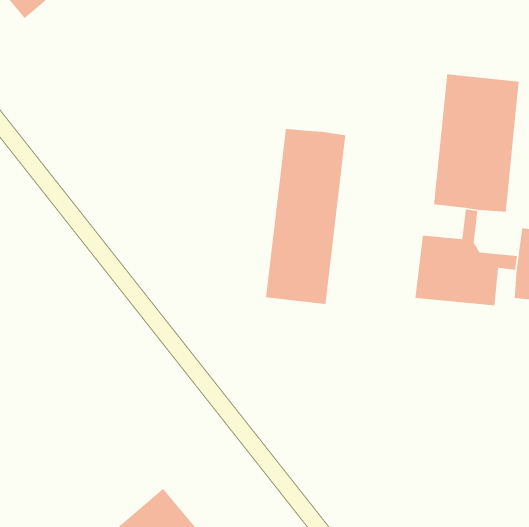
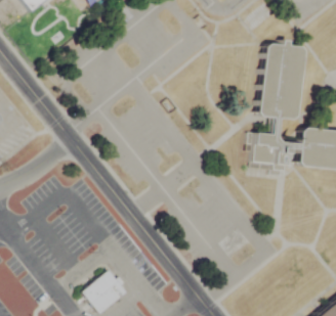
building: [265,128,346,305] -> none

